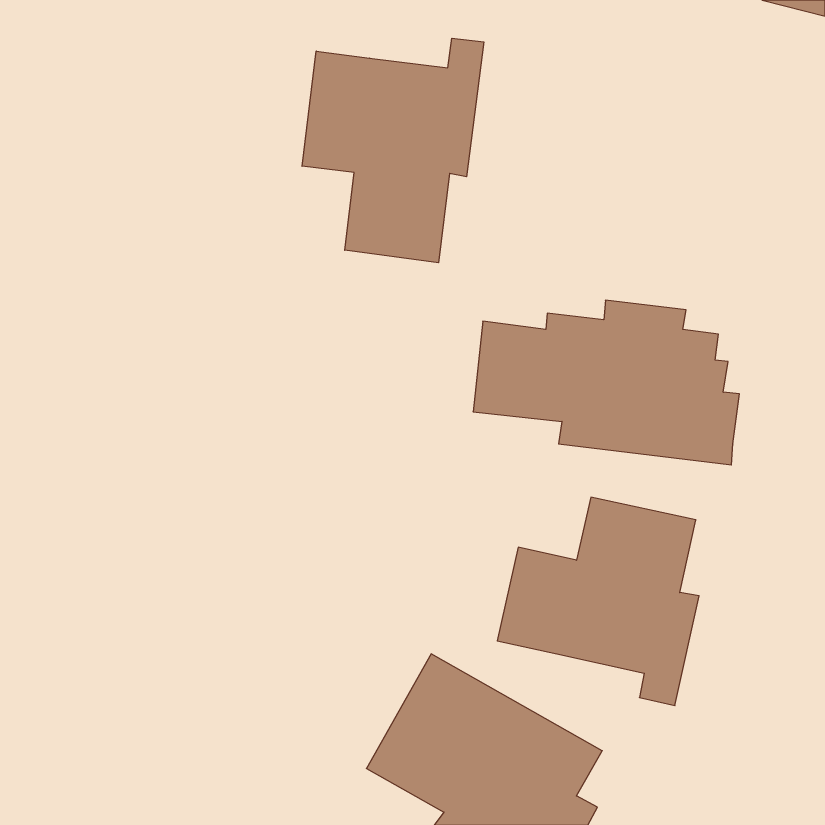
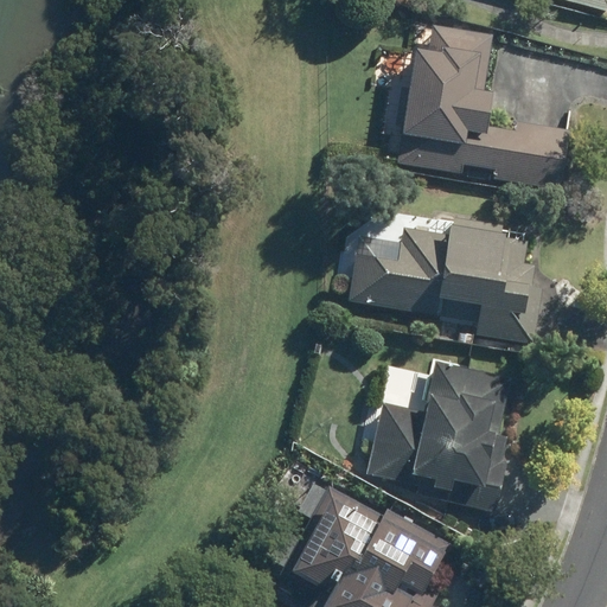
building: none -> [401,25,568,190]
building: [302,38,484,263] -> none

